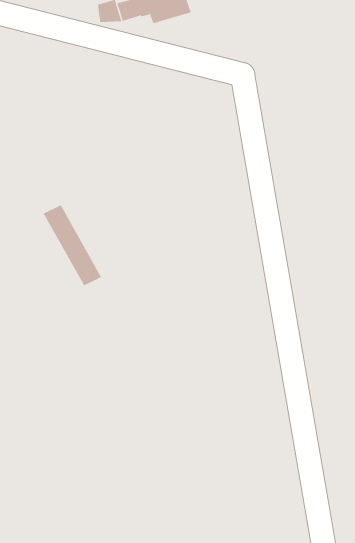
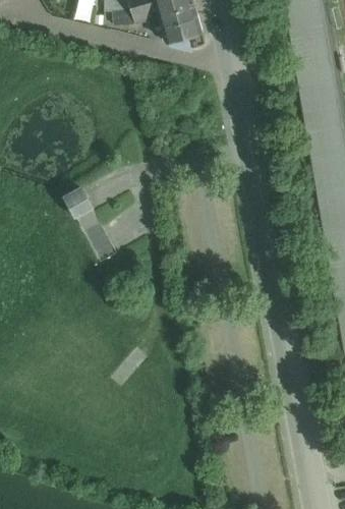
building: none -> [163,15,203,45]

